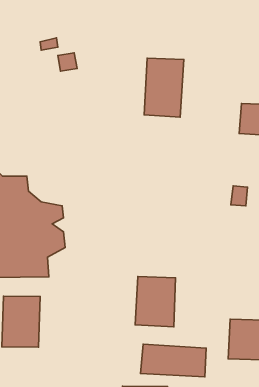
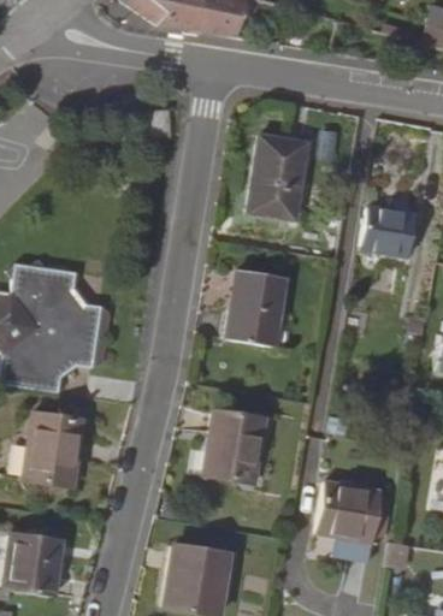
building: none -> [225,266,283,338]
building: [141,344,206,377] -> none

